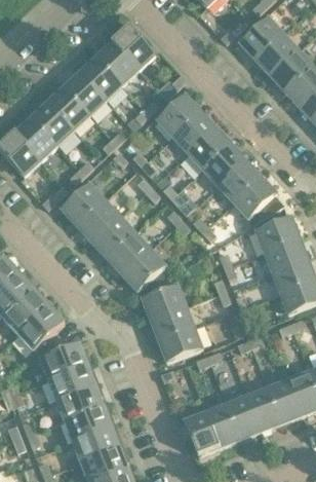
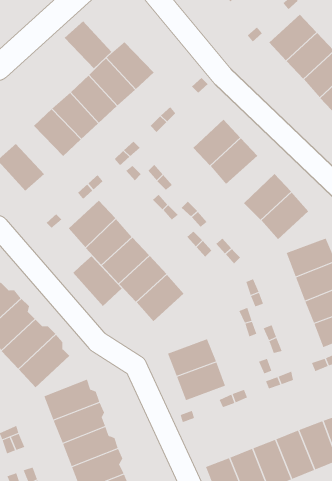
building: [112,27,155,70] -> [64,20,112,69]
building: [157,95,200,137] -> none
building: [15,117,57,160] -> none
building: [202,144,245,186] -> none
building: none -> [72,256,123,307]
building: [142,285,186,320] -> none

